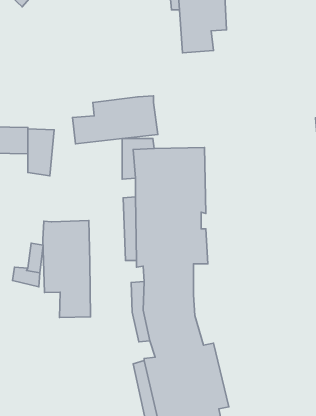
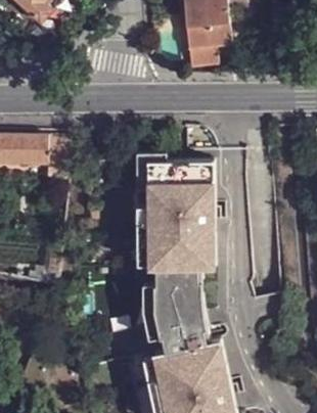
building: [73,96,158,144] -> none
building: [43,220,90,317] -> none

